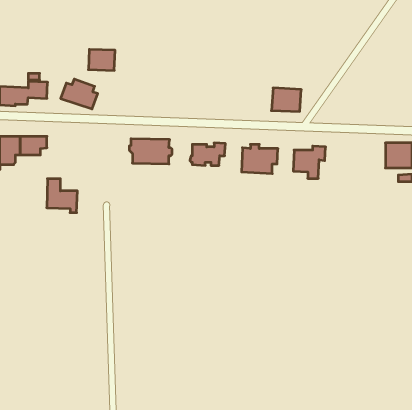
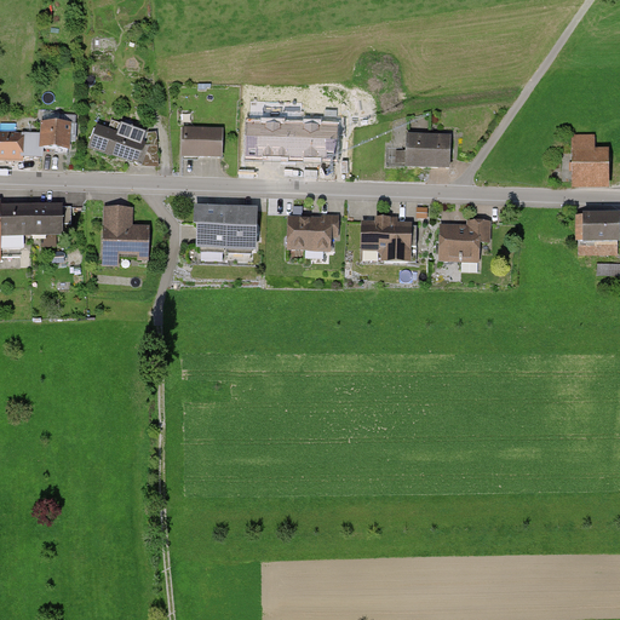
building: [88,49,115,70] -> [183,126,223,157]
building: none -> [247,121,337,156]
building: none -> [573,134,607,178]
building: [47,179,77,213] -> [103,207,149,258]

